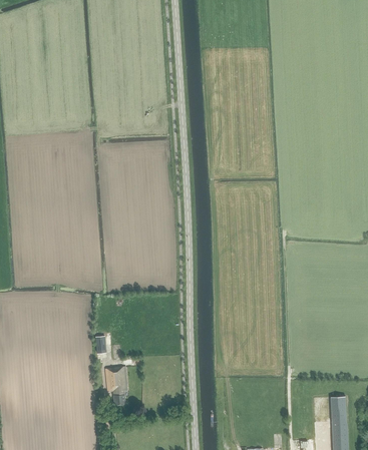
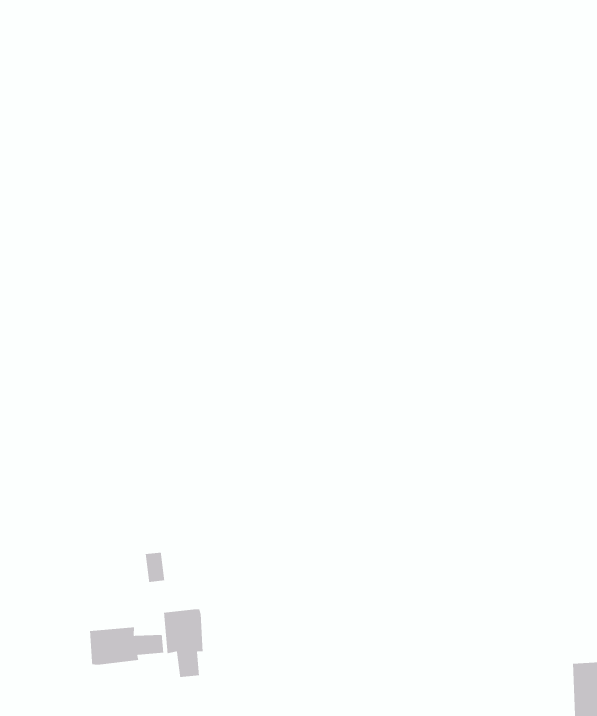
building: none -> [89,627,164,666]

